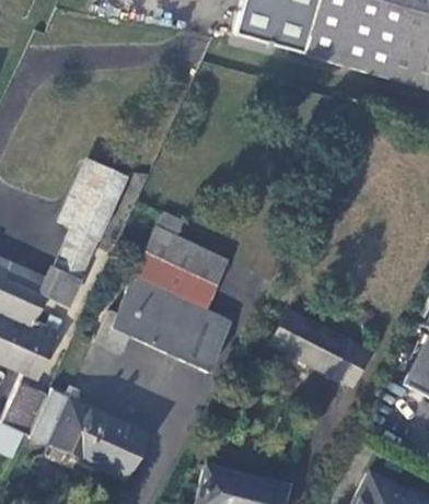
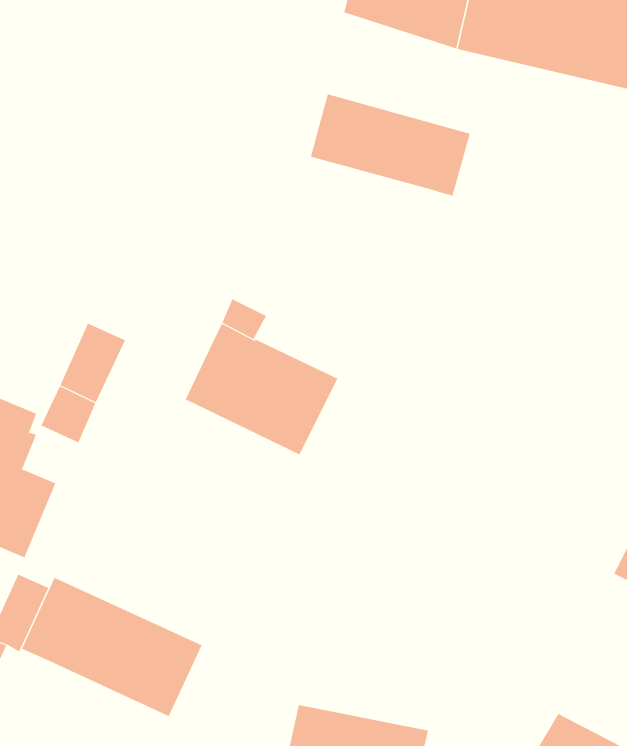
building: none -> [310,94,470,197]
building: [61,162,127,239] -> none
building: [100,277,233,373] -> none
building: [278,314,367,384] -> none

